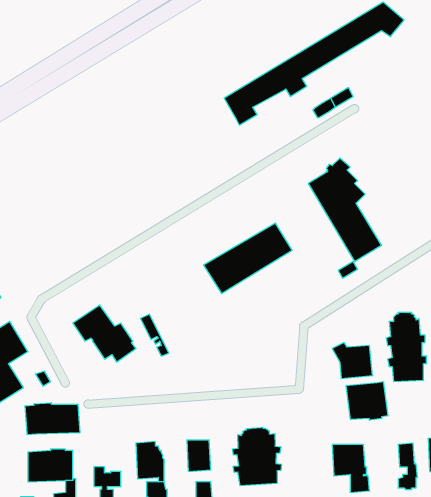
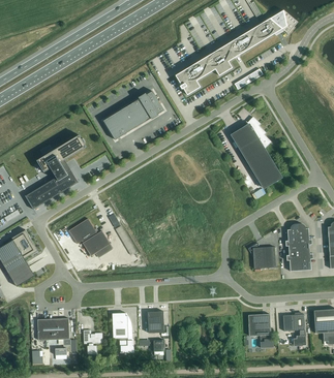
building: none -> [25,134,86,209]
building: [204,223,292,294] -> [102,91,163,139]
building: [346,382,388,420] -> none
building: [25,403,80,435] -> none
building: [232,427,282,486] -> none

